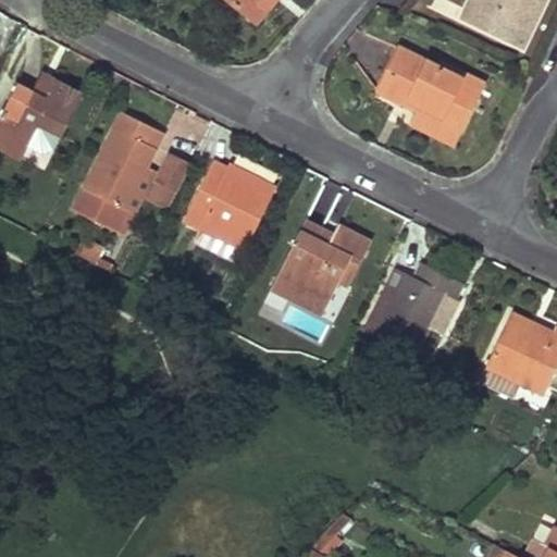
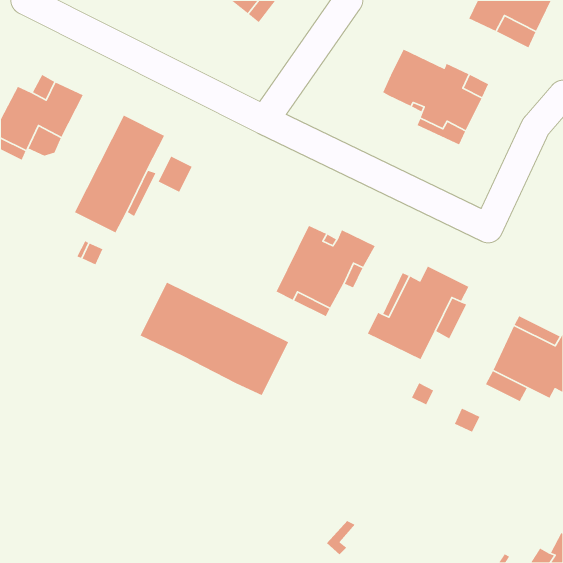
building: [186,163,273,248] -> none
building: none -> [139,282,289,396]

